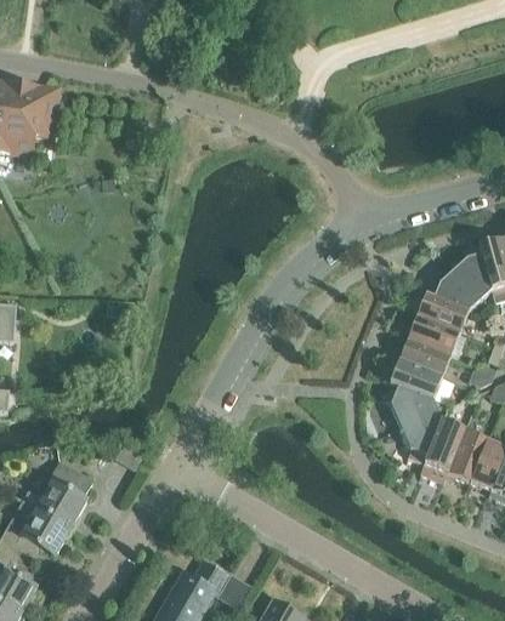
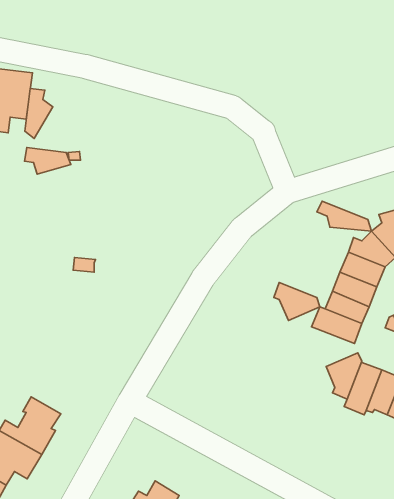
building: none -> [25,88,53,138]
building: none -> [24,147,71,174]
building: none -> [317,201,371,231]
building: [385,383,438,427] -> [274,283,320,320]

